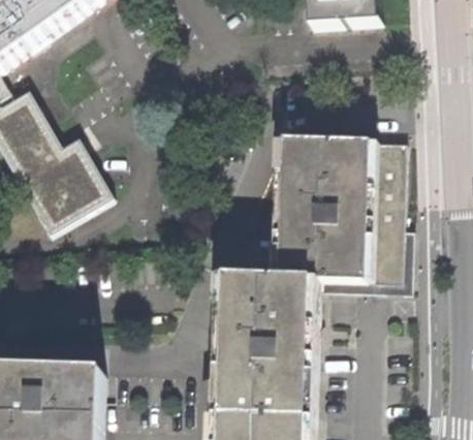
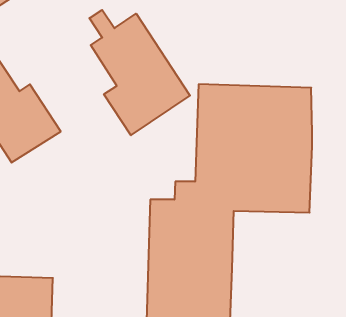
building: none -> [89,10,190,135]

